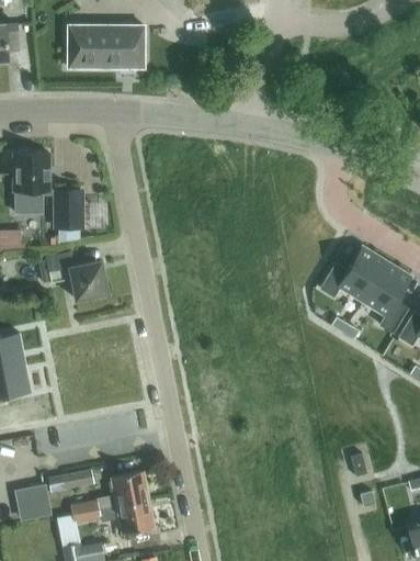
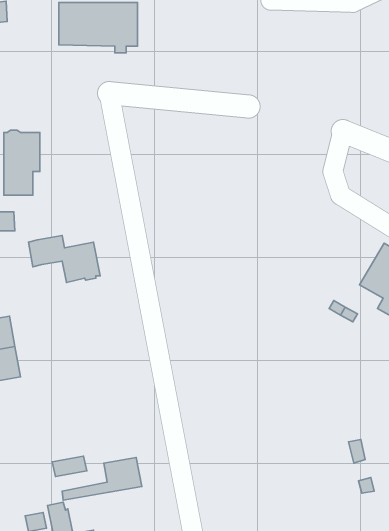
building: [54,188,83,227] -> none
building: [320,247,386,302] -> none
building: [16,484,49,517] -> none
building: [72,500,155,534] -> none

